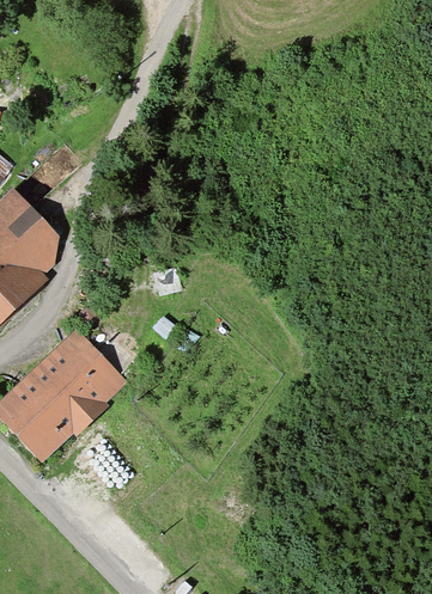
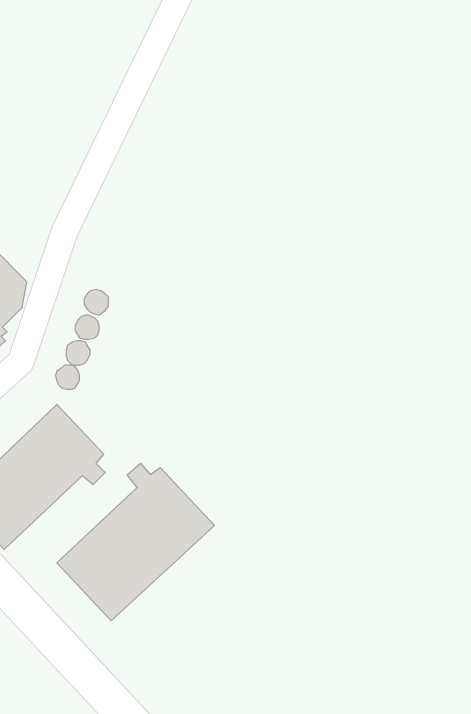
building: none -> [57,463,214,621]

